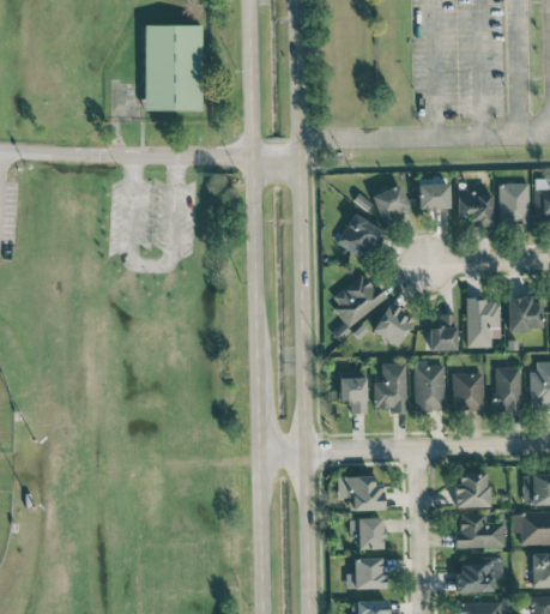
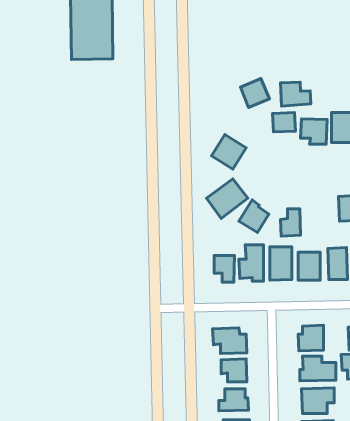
building: none -> [281,82,311,106]
building: [373,185,412,224] -> [241,78,270,108]
building: [467,300,501,348] -> none

